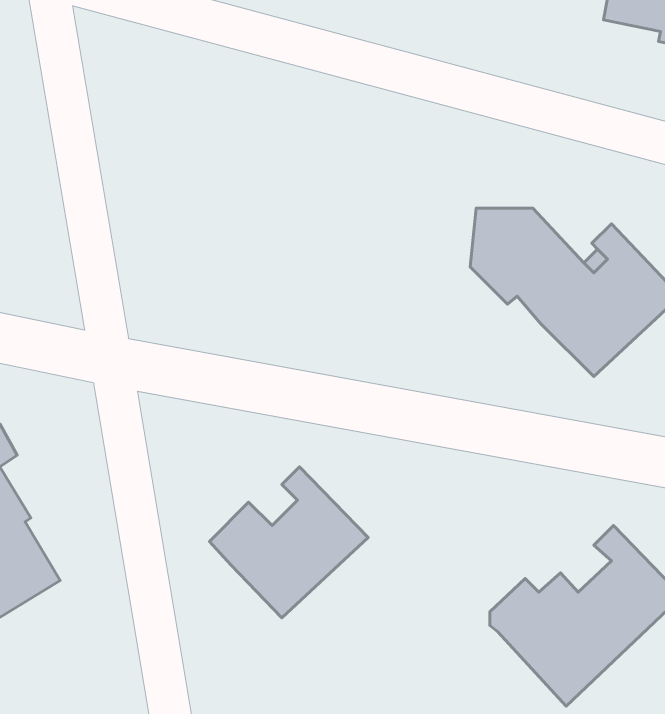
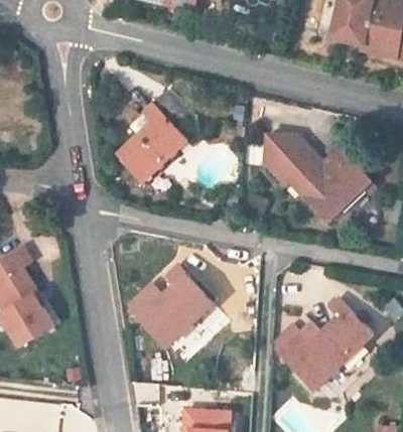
building: none -> [117,92,187,182]

